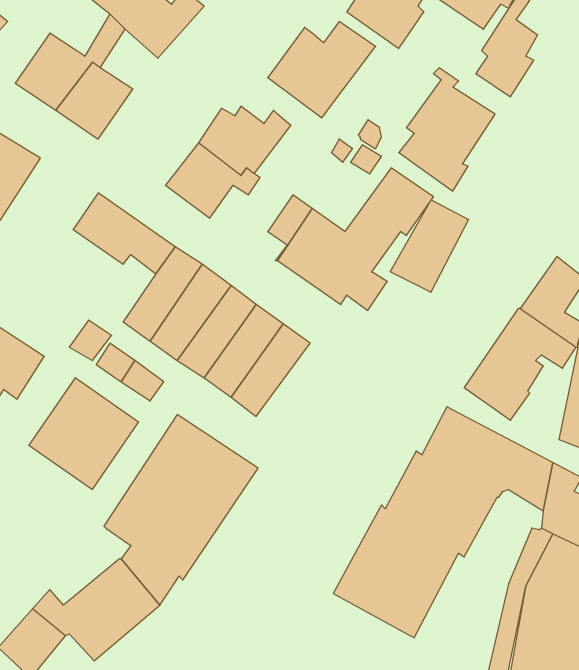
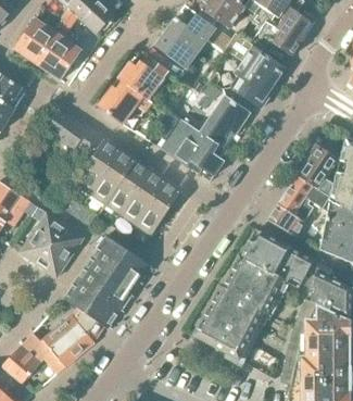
building: [390,200,469,292] -> none

